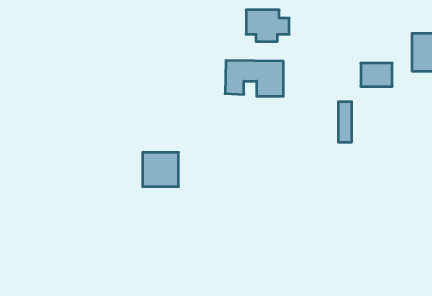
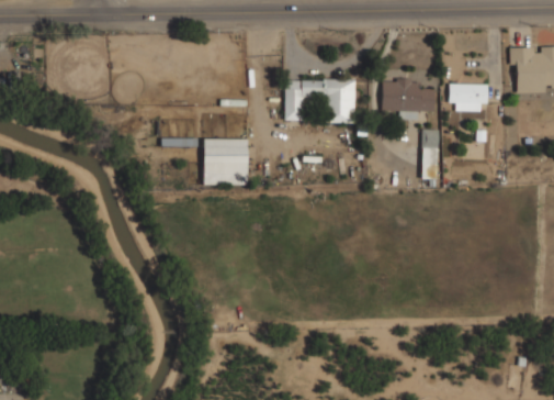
building: [246,10,289,41] -> [383,80,436,119]
building: [143,152,179,187] -> [204,138,248,180]

